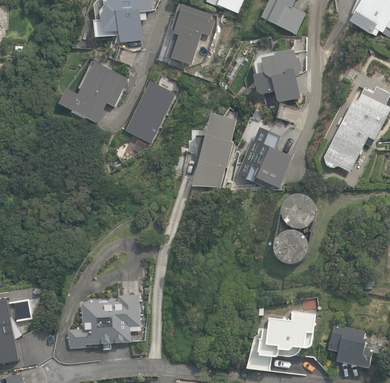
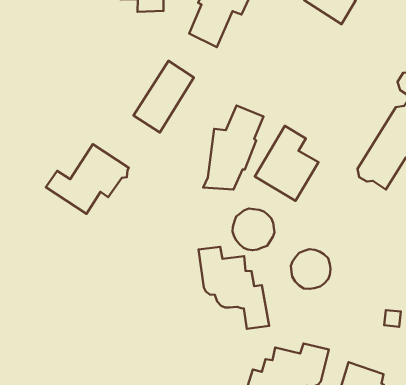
building: [255,50,302,103] -> none
building: [60,63,129,123] -> [46,144,129,214]
building: [281,194,317,229] -> [232,209,274,250]
building: none -> [199,247,269,329]
building: [68,294,140,349] -> none

